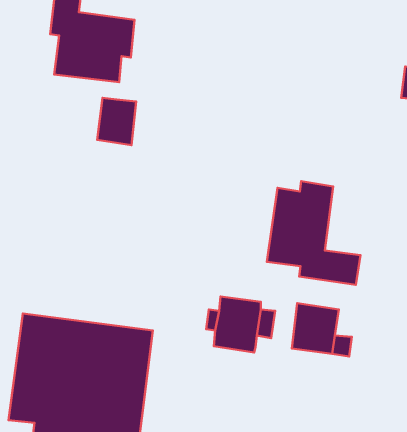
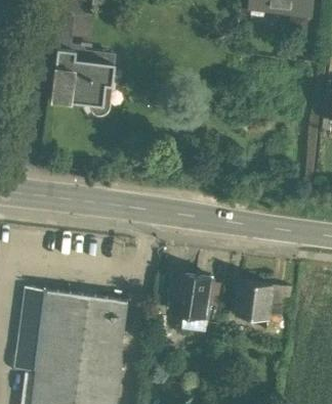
building: [97,98,136,145] -> none
building: [267,181,361,285] -> none

